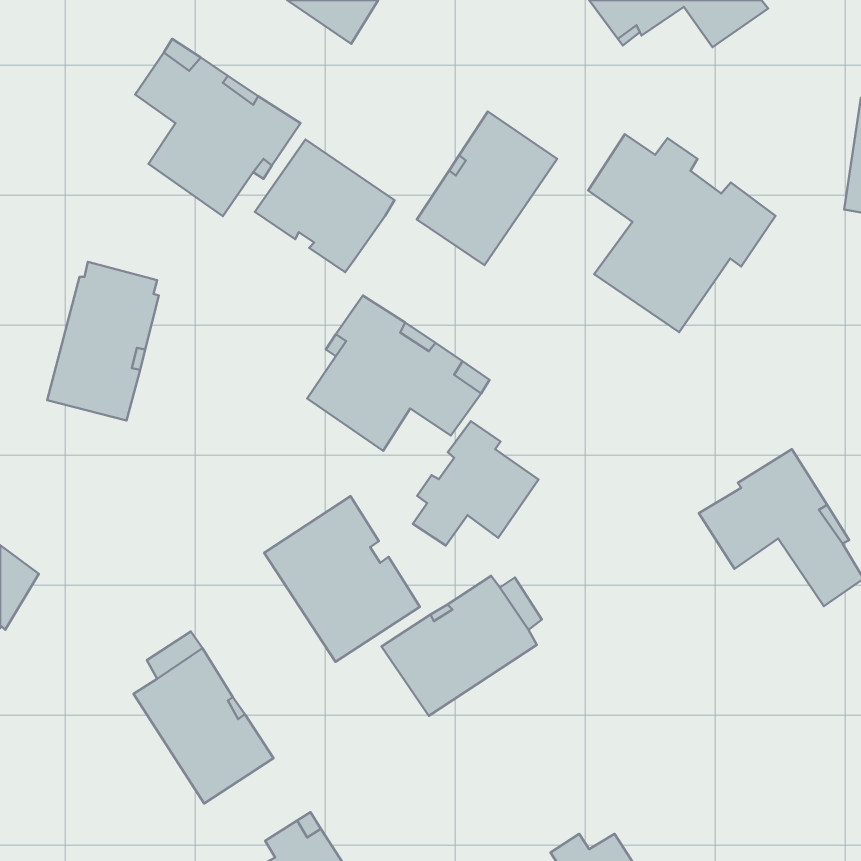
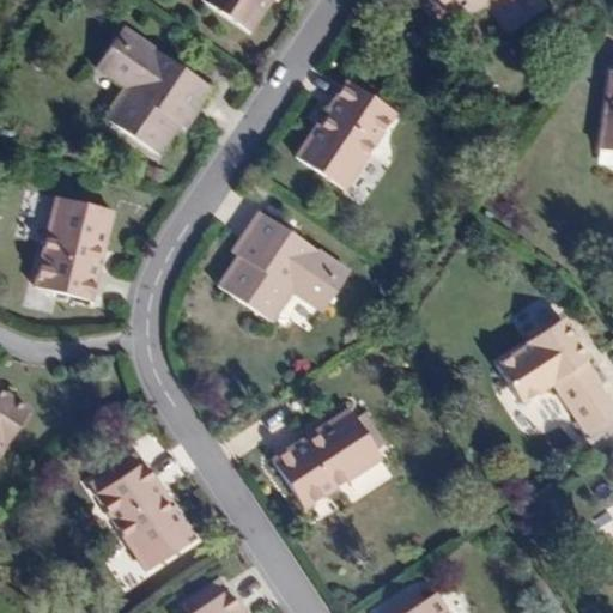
building: [588,134,776,332] -> none
building: [255,140,394,272] -> none
building: [413,421,539,546] -> none
building: [264,496,420,662] -> none

